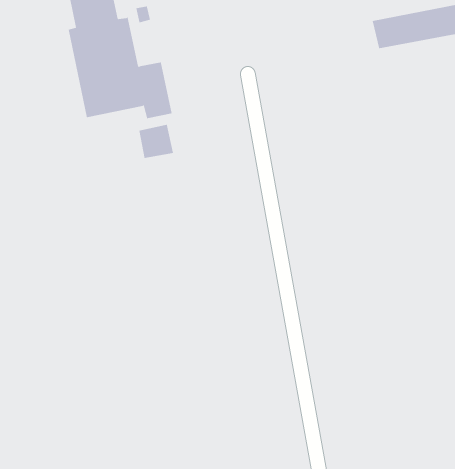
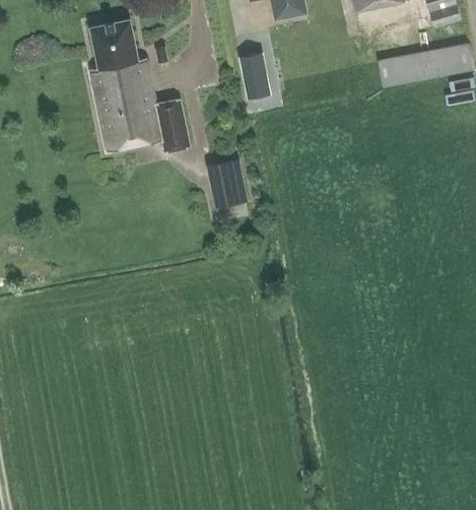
building: none -> [237,52,270,100]
building: [138,124,174,159] -> [213,173,247,205]

